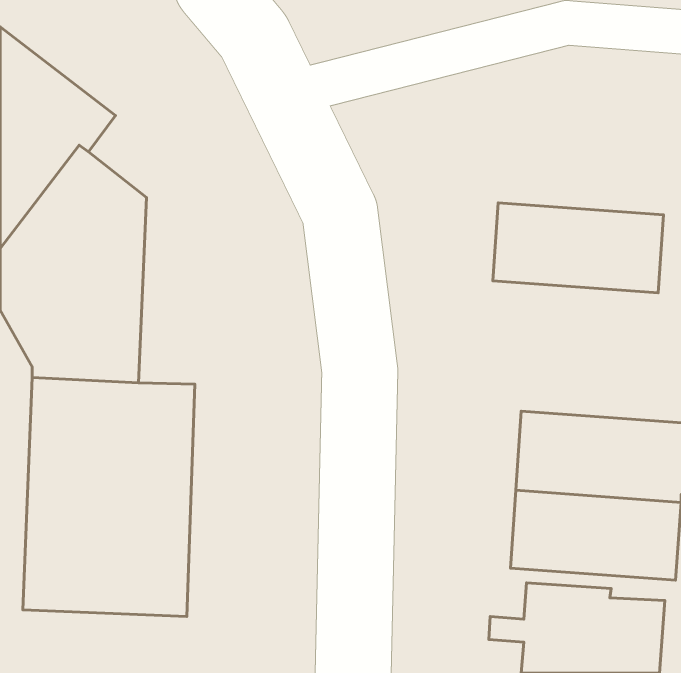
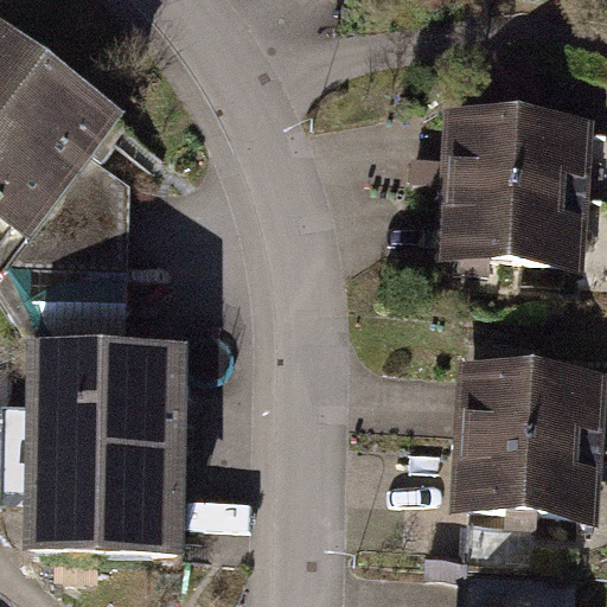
building: none -> [445,109,595,189]

